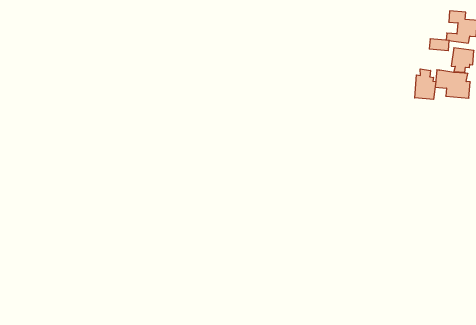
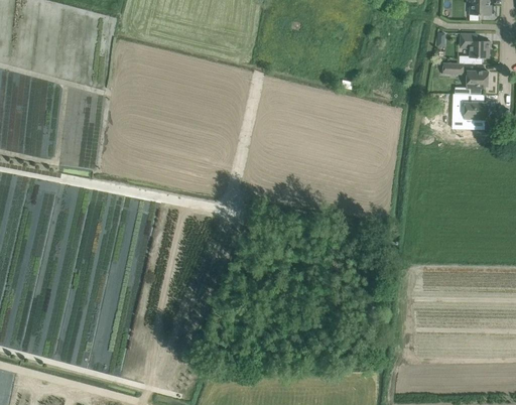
building: [415,69,436,99] -> none

